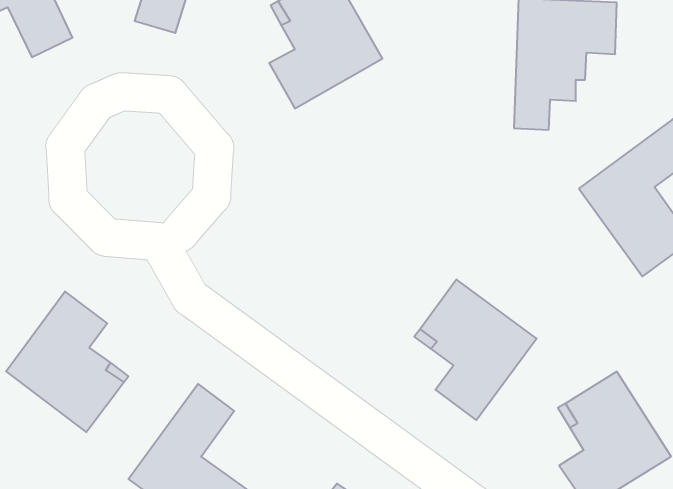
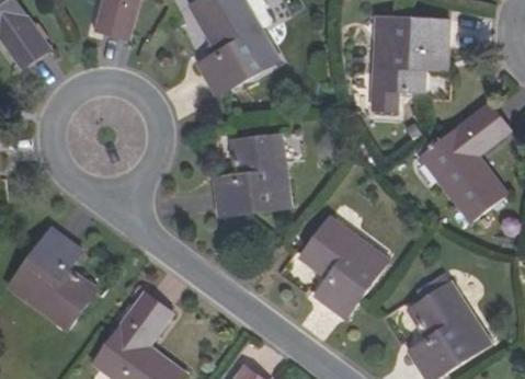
building: none -> [214,136,289,216]

